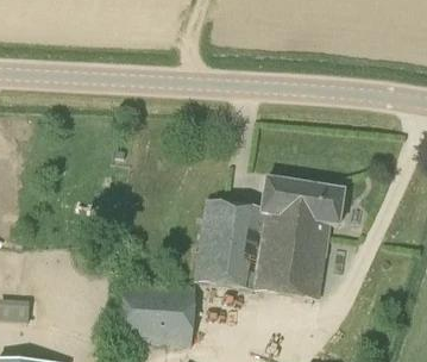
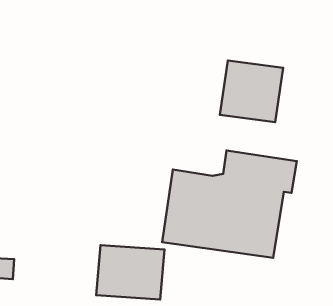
building: none -> [220,60,283,122]

